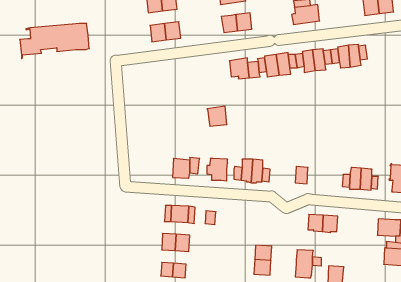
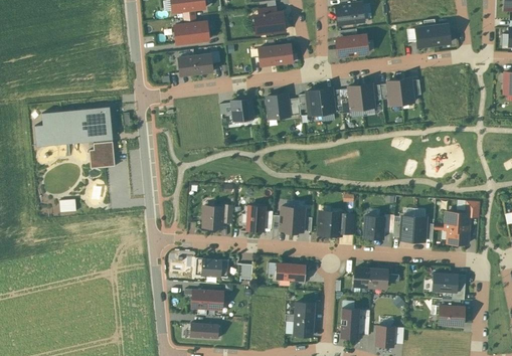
building: [20,23,89,59] -> [34,107,112,146]
building: none -> [89,141,115,168]
building: [207,106,227,126] -> [230,98,252,120]
building: none -> [319,211,341,235]
building: none -> [363,215,384,237]
building: none -> [275,262,306,283]

